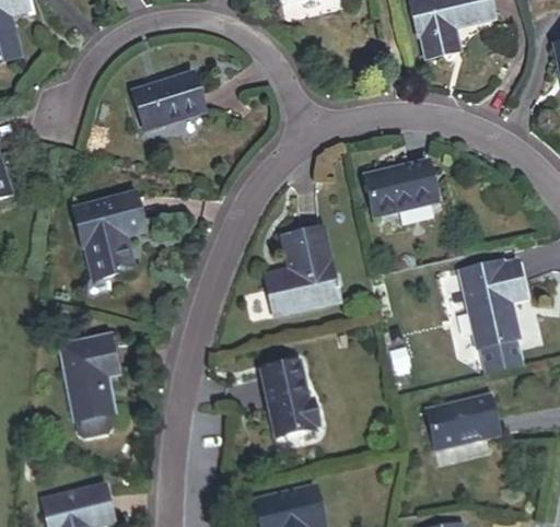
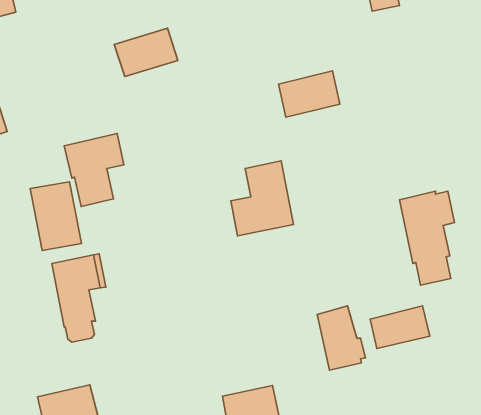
building: [366,161,438,214] -> [278,71,340,117]
building: none -> [30,182,81,250]
building: [262,363,318,437] -> [317,306,365,370]

